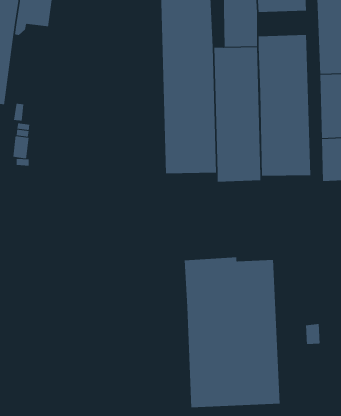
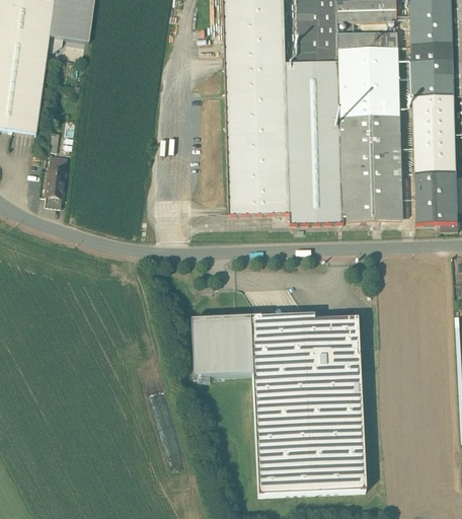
building: none -> [338,31,397,50]
building: none -> [191,317,253,376]
building: [306,323,320,345] -> none

